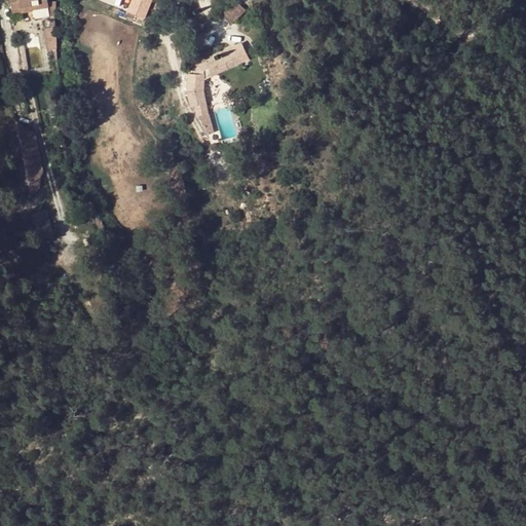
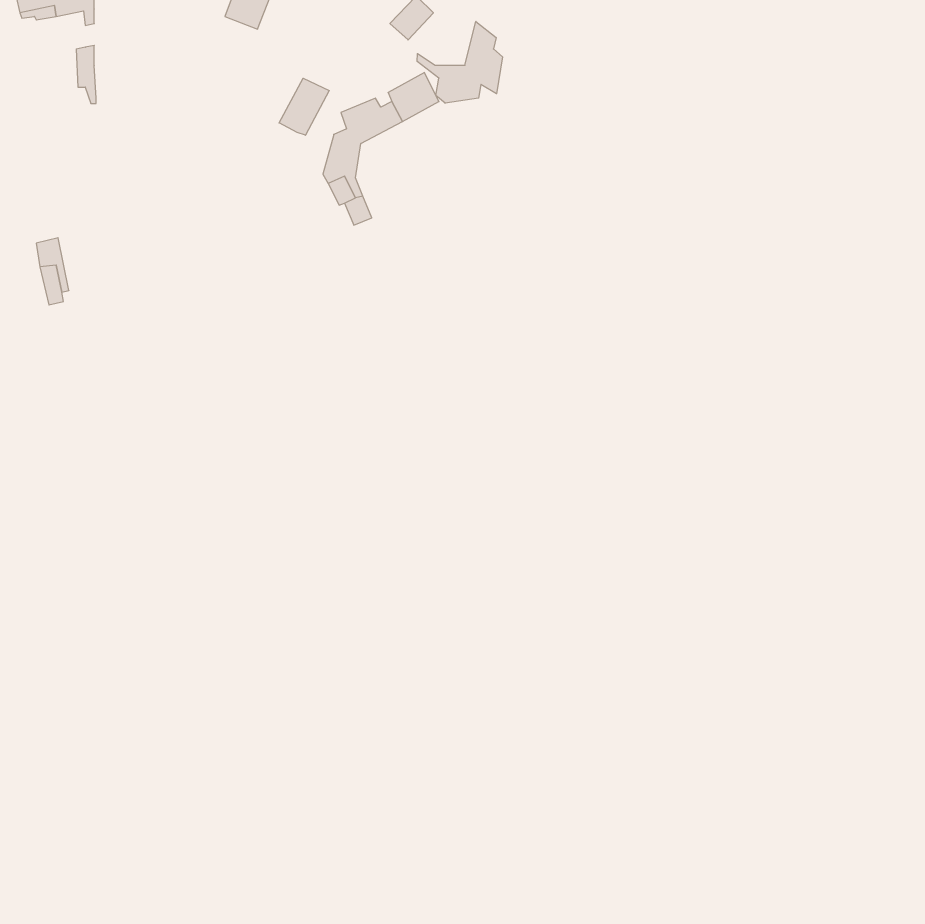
building: none -> [417,21,503,103]
building: none -> [279,78,329,135]

